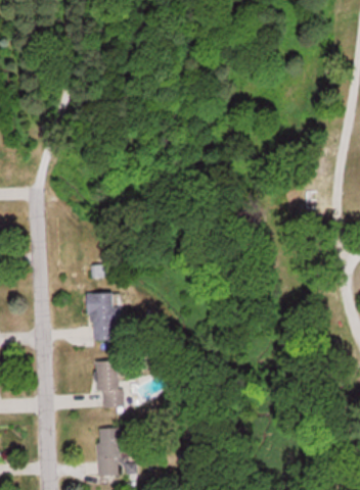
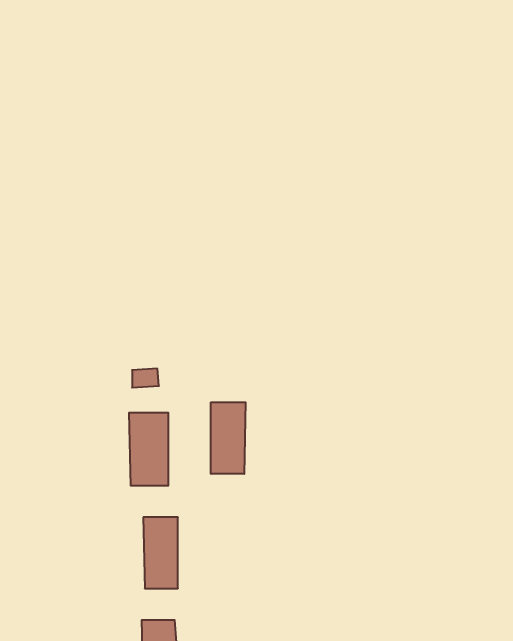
building: none -> [211,402,246,474]

